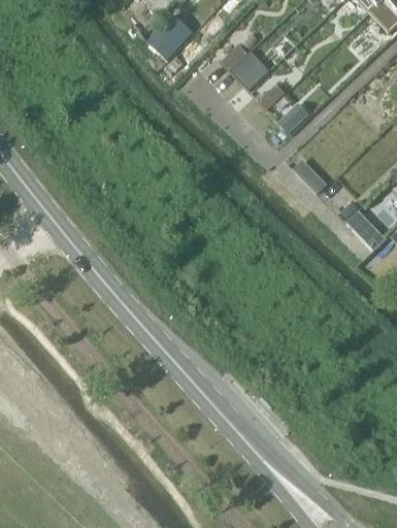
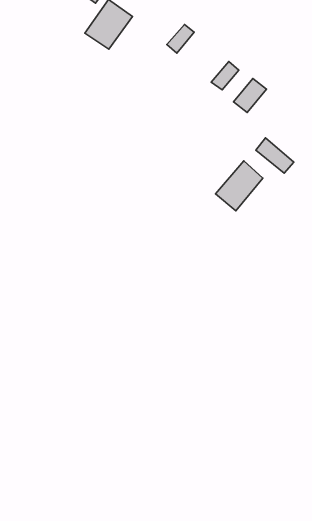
building: [229,48,264,84] -> none
building: none -> [216,161,263,211]

